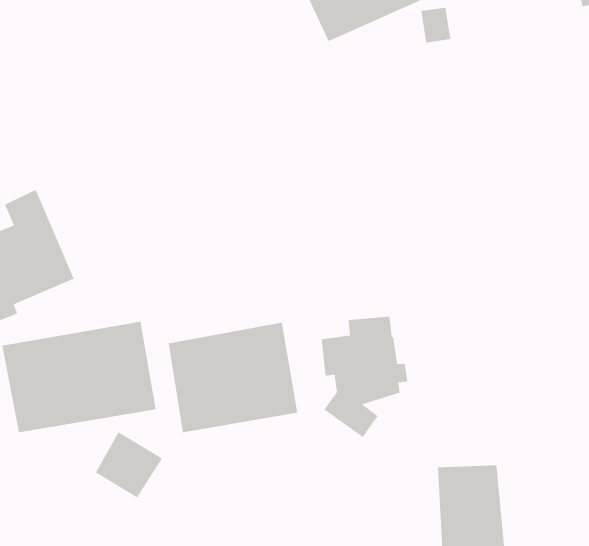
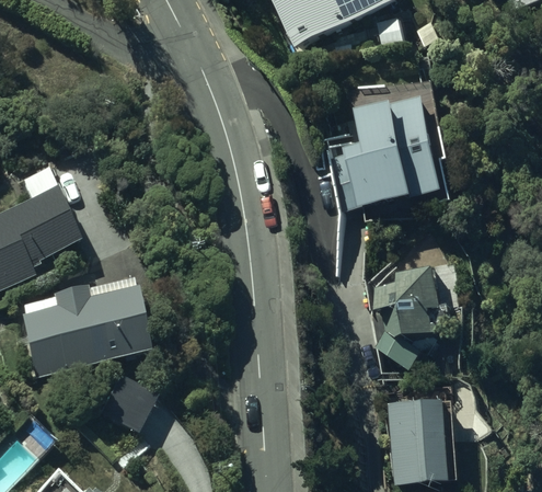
building: none -> [331,93,441,205]
building: [321,316,408,438] -> [372,266,447,370]
building: [168,322,298,433] -> none

